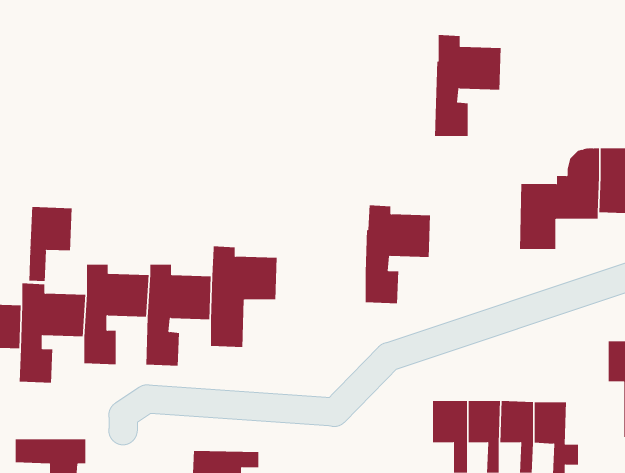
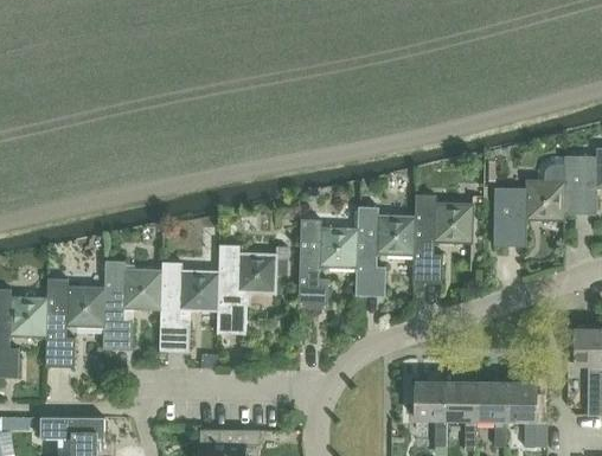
building: [434,35,501,136] -> [412,193,473,284]
building: [29,206,72,282] -> none
building: none -> [299,219,357,309]

